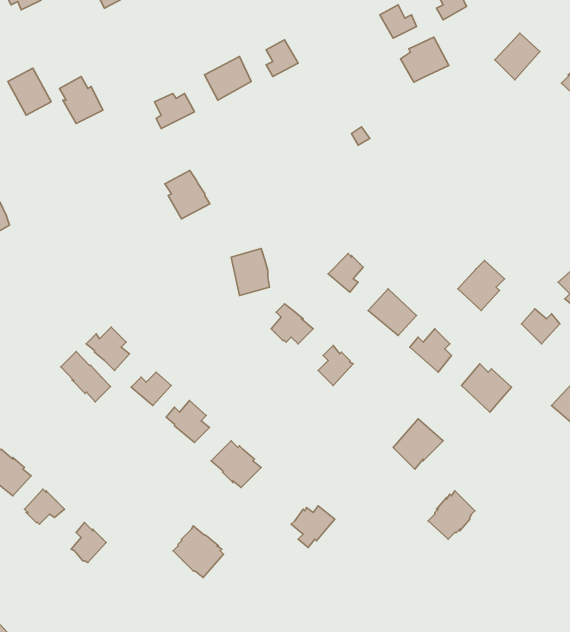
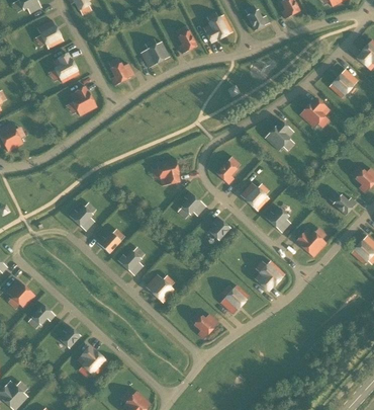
building: [495,33,540,80] -> [330,69,357,97]
building: [401,37,449,82] -> [203,14,232,42]
building: [8,68,51,115] -> [36,19,63,48]
building: none -> [299,97,330,127]
building: [165,170,210,219] -> [70,85,97,114]
building: [458,260,505,310] -> [265,119,293,150]
building: [61,352,110,402] -> none
building: [428,491,475,539] -> [220,283,249,313]
building: [173,526,223,578] -> [77,344,107,376]

